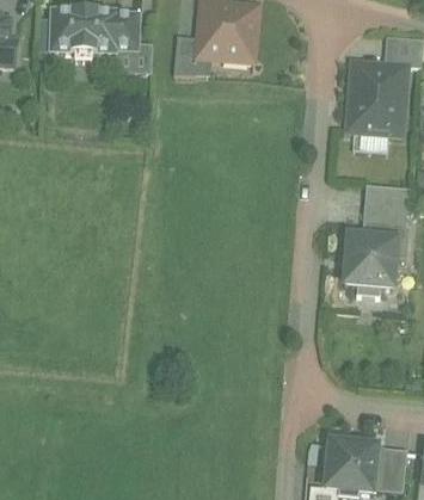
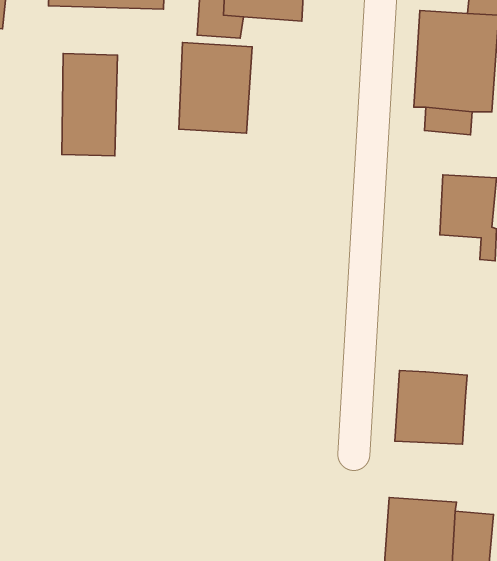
building: none -> [179,42,252,133]
building: none -> [62,54,118,156]
building: [338,229,394,286] -> [395,370,467,444]

